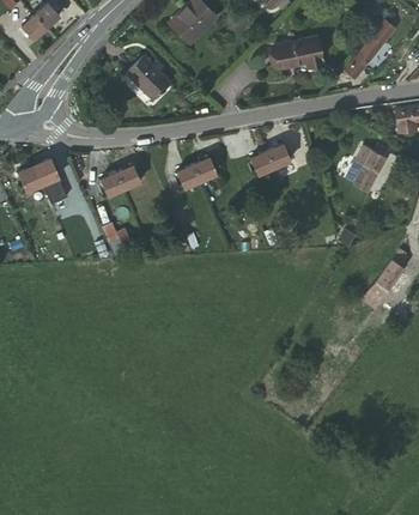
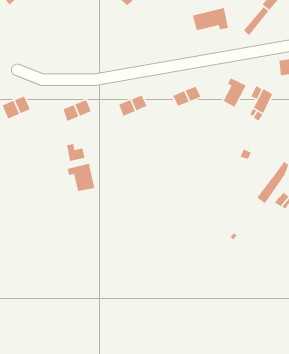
building: [127,55,169,96] -> none
building: none -> [223,77,247,108]
building: none -> [66,163,95,192]

